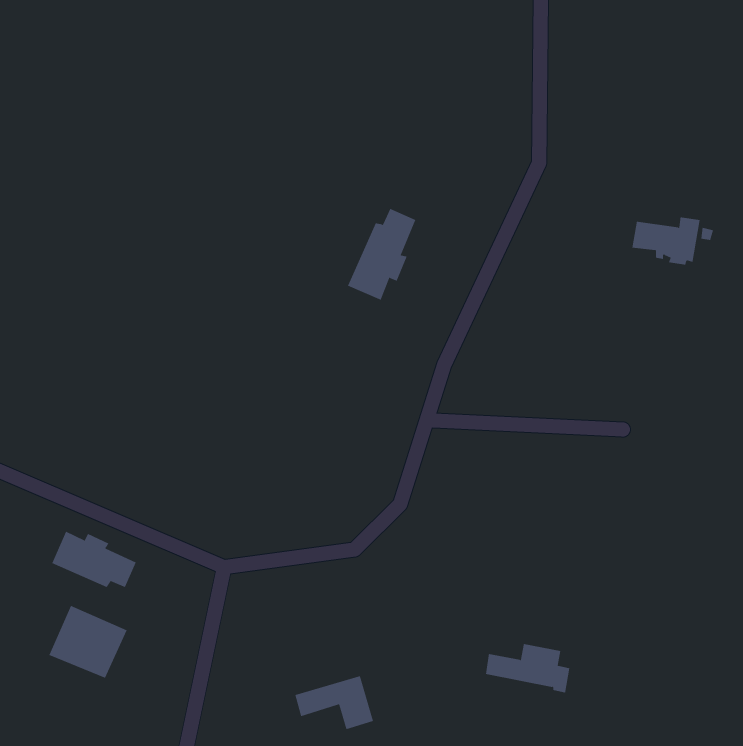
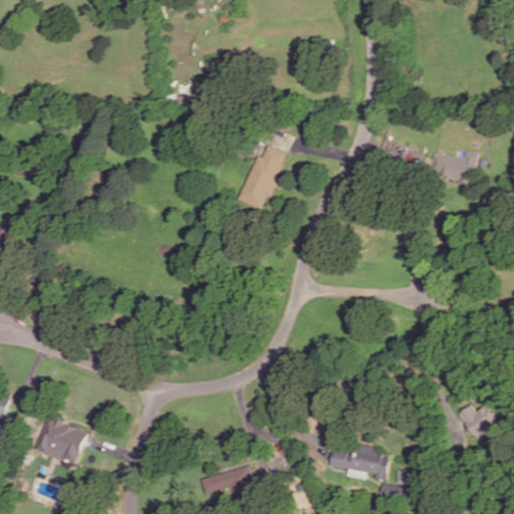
building: [51,531,136,588] -> none
building: none -> [458,405,498,440]

